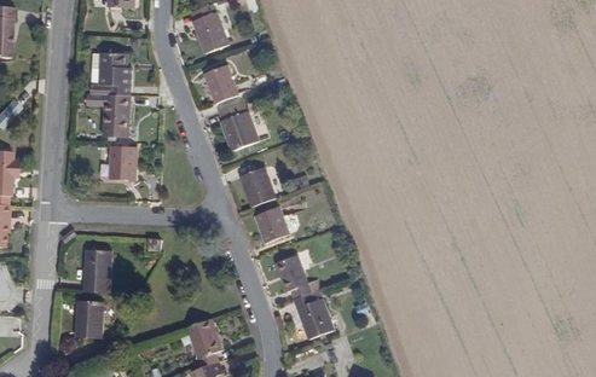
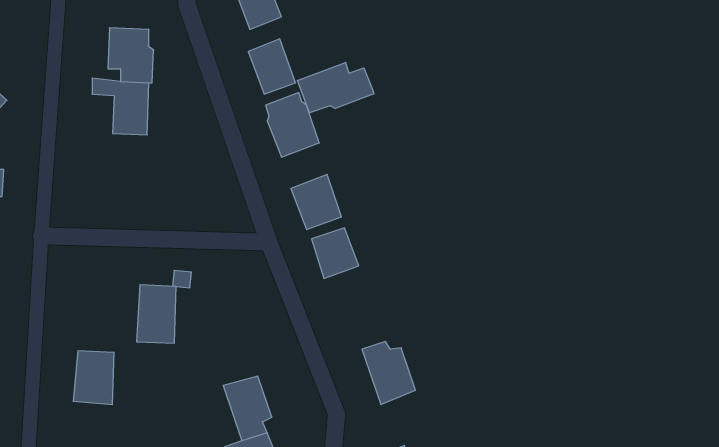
building: none -> [297,62,374,113]
building: [106,144,135,179] -> none
building: [80,248,110,292] -> [137,285,176,343]
building: [273,254,311,298] -> none

